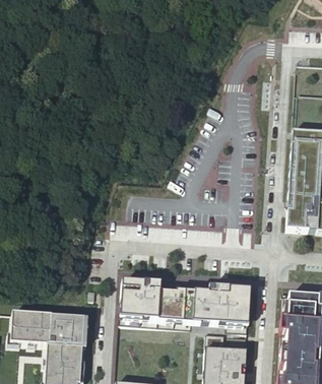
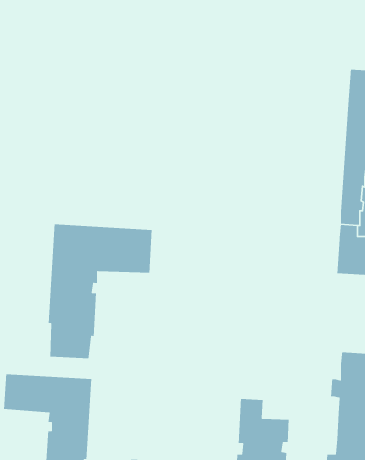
building: none -> [48,223,153,359]
building: [121,279,251,324] -> none

